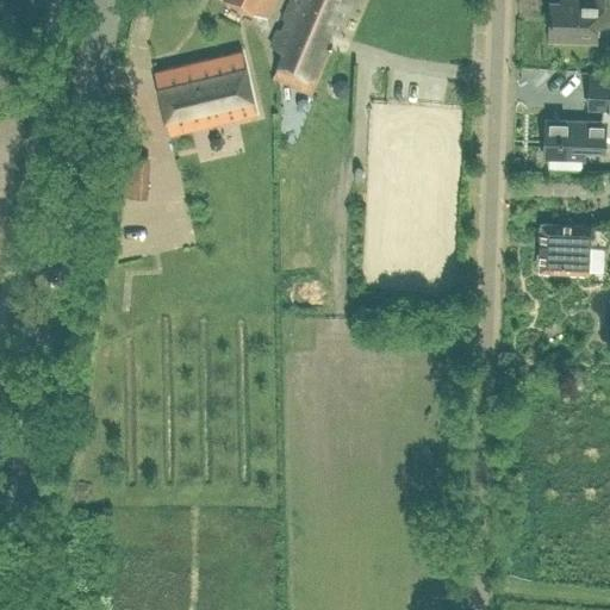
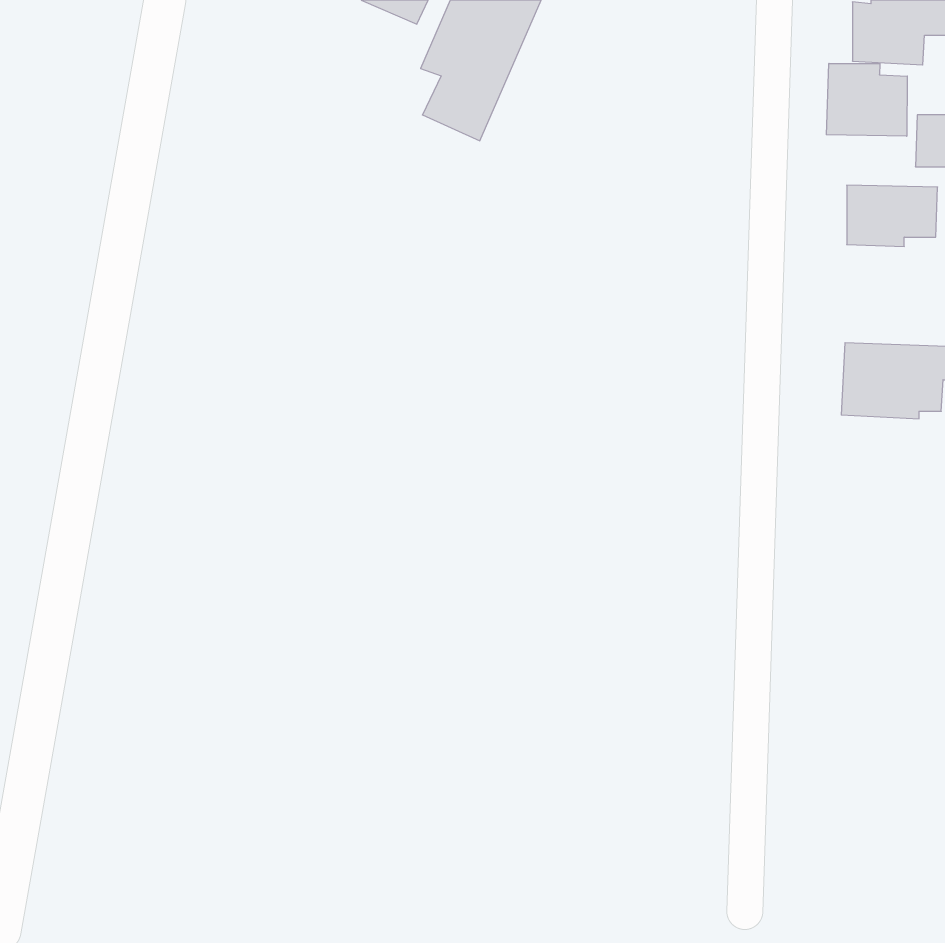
building: none -> [826,63,907,136]
building: [156,50,255,133] -> none
building: [123,158,147,198] -> none

